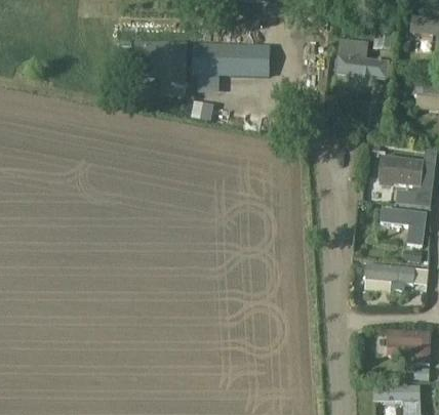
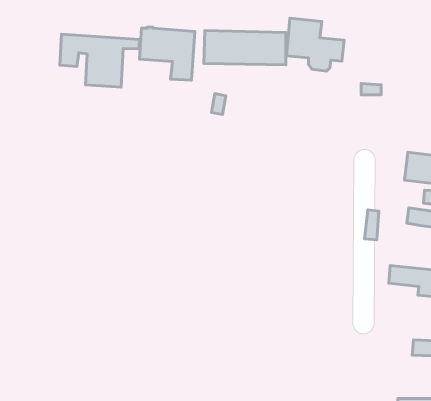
building: [334,38,388,87] -> [286,18,344,71]
building: none -> [60,34,140,87]

